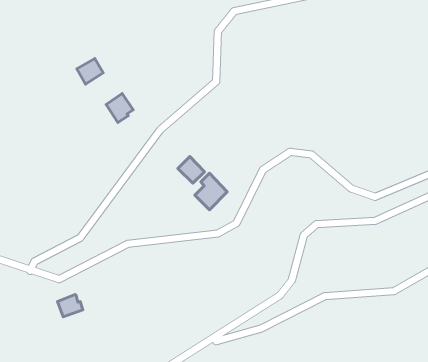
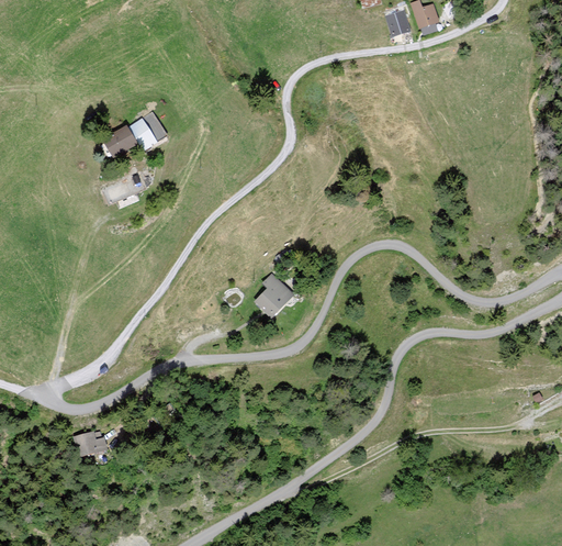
building: [106,94,133,122] -> [128,112,164,149]
building: [178,156,204,183] -> none

